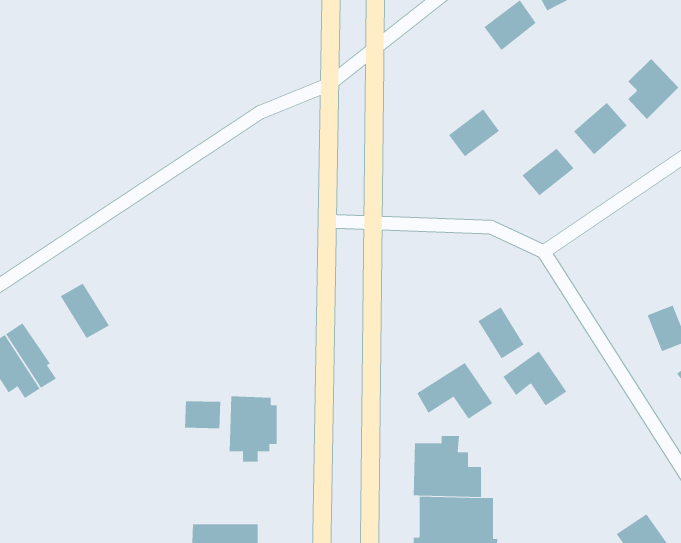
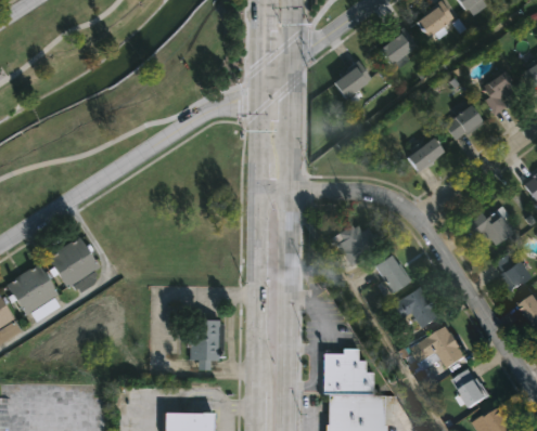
building: [448,109,500,157] -> [332,63,370,99]
building: none -> [471,211,511,248]
building: none -> [333,222,375,266]
building: none -> [48,247,84,289]
building: [417,362,493,419] -> [410,326,466,368]
building: [185,400,221,429] -> none
building: none -> [453,368,488,407]

